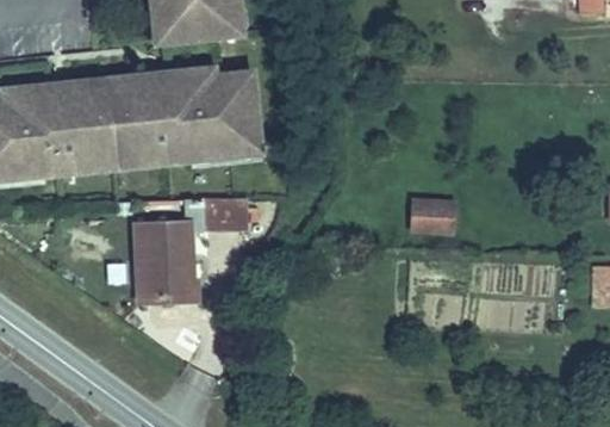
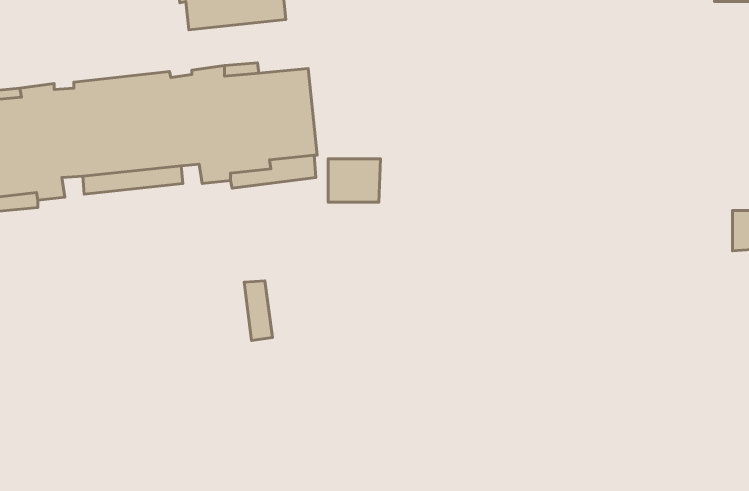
building: [208,198,250,233] -> [328,159,380,202]
building: [415,200,458,227] -> none
building: [133,221,198,304] -> none

